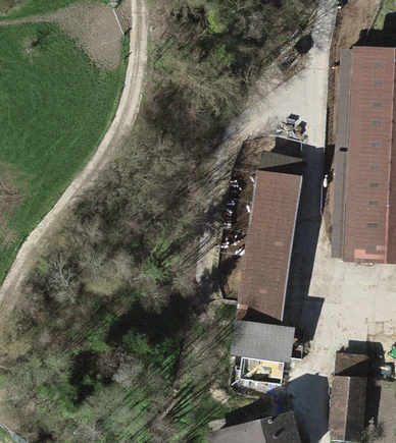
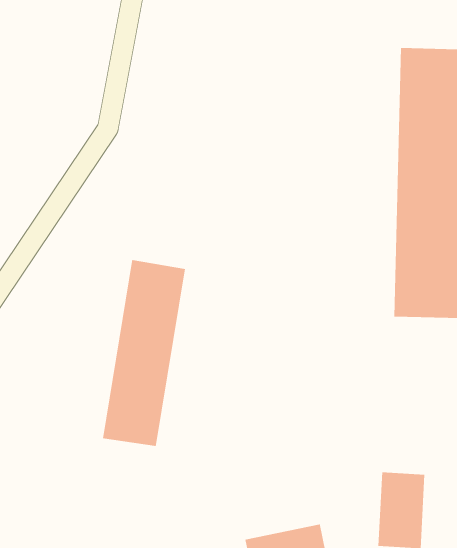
building: [236,175,300,319] -> [102,259,186,446]
building: [245,326,292,363] -> none

